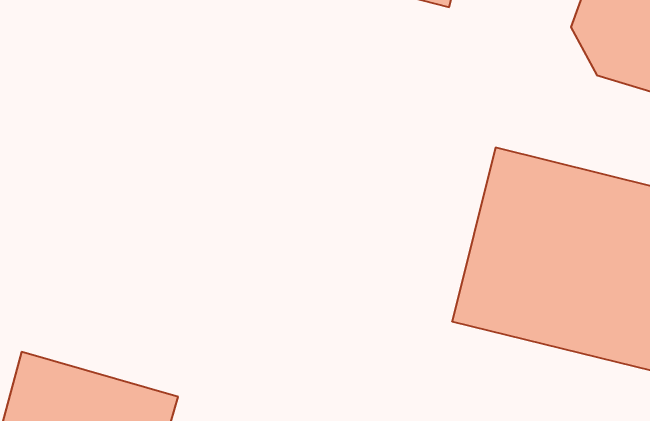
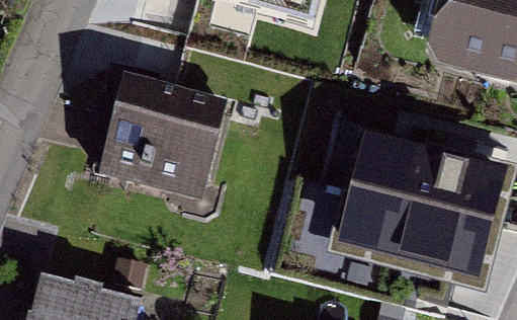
building: none -> [96,85,235,204]

